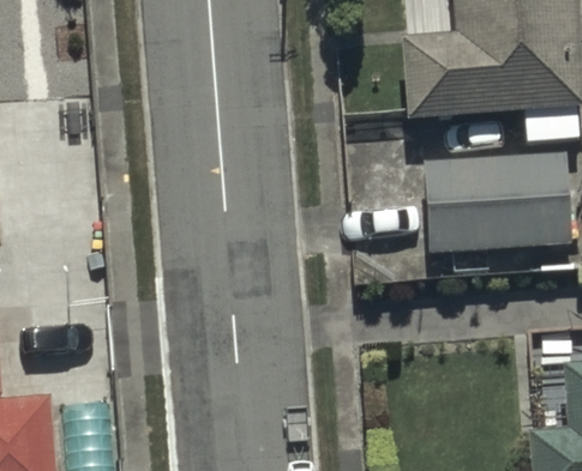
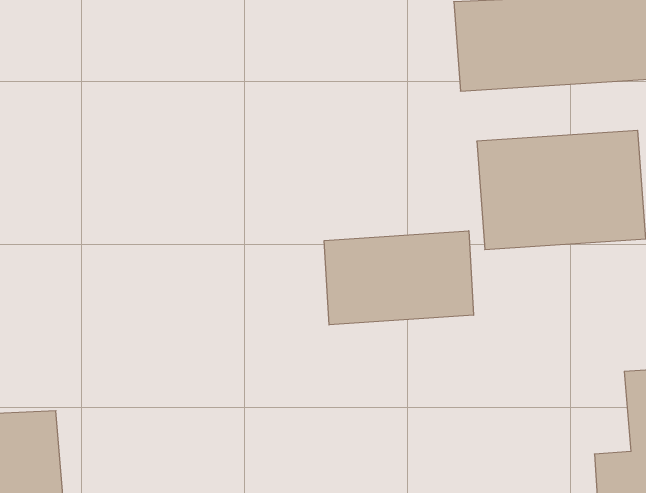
building: none -> [324,231,474,325]

